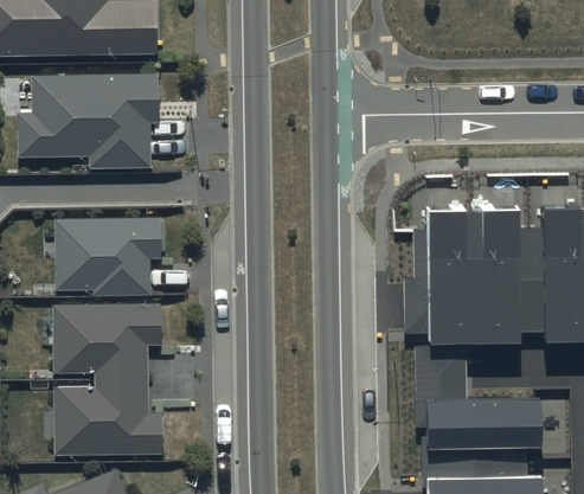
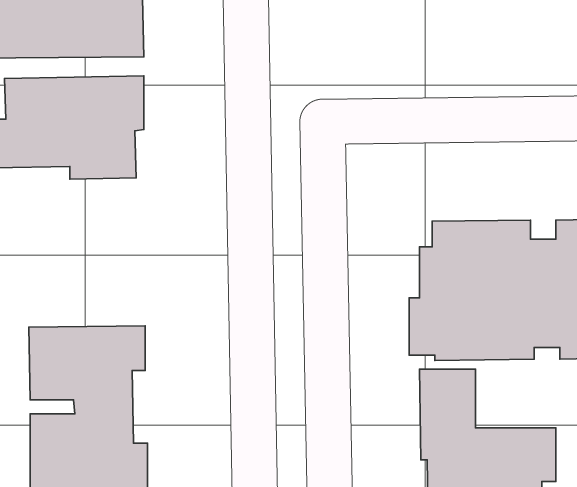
building: [54,218,162,295] -> none

